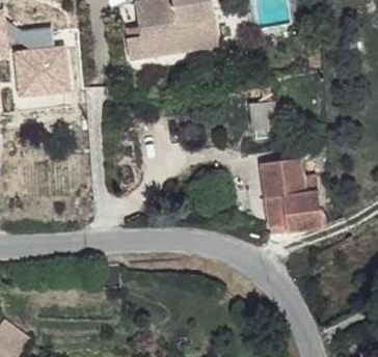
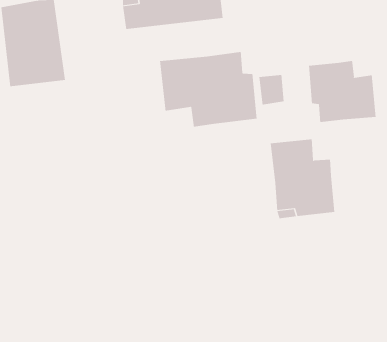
building: none -> [160,51,257,127]
building: none -> [308,60,376,123]

